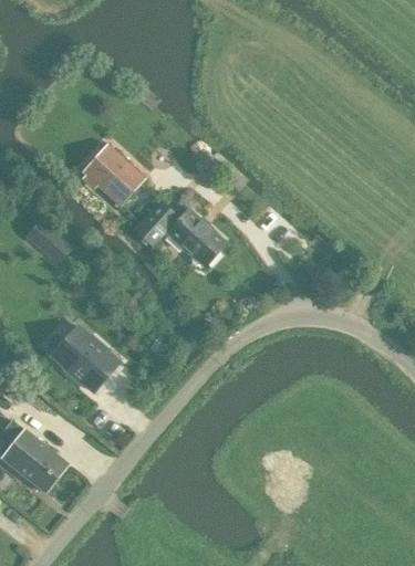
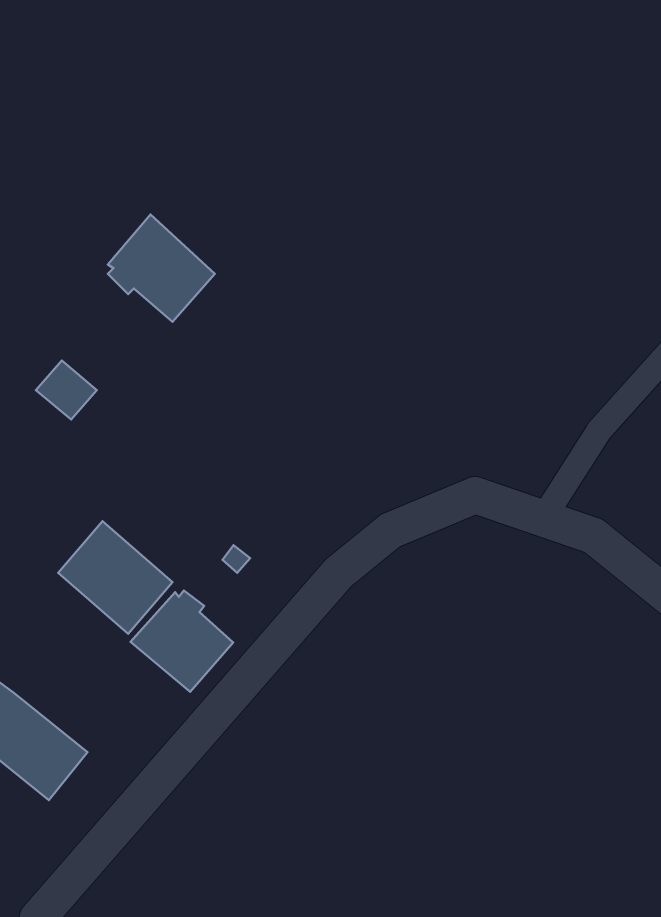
building: [135,202,225,265] -> none
building: none -> [131,590,233,692]

